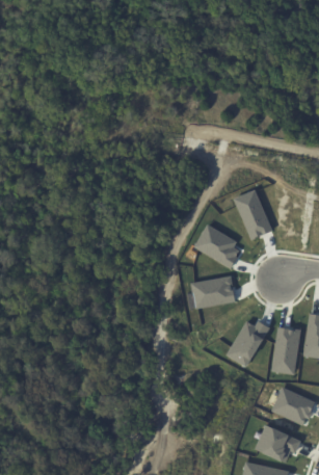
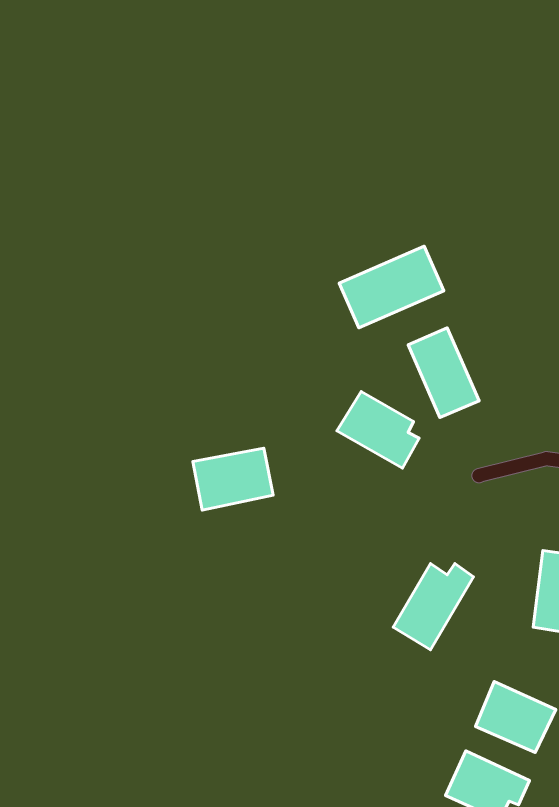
building: none -> [339,246,444,328]
building: [191,275,236,310] -> [193,448,273,510]
building: [271,326,301,375] -> none

